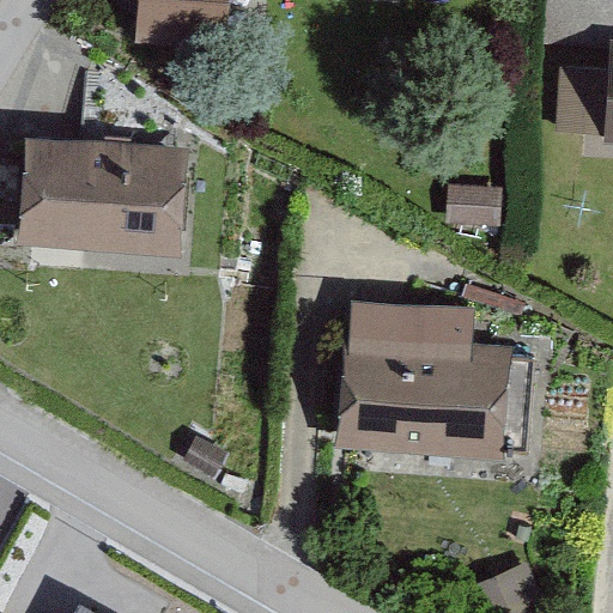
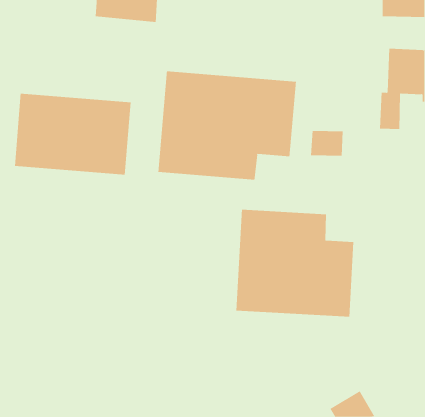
building: none -> [158,71,296,180]

